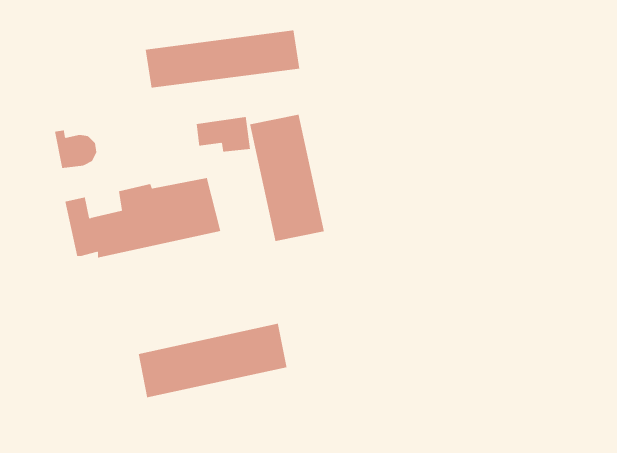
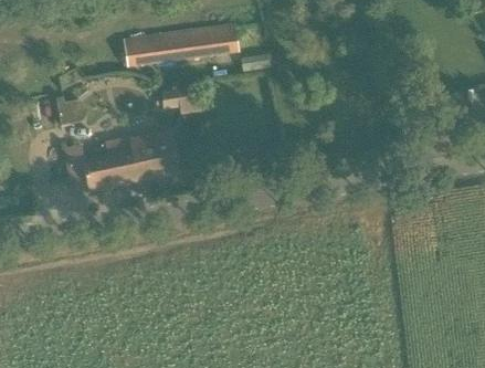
building: [250,114,324,242] -> none
building: [138,323,287,398] -> none

